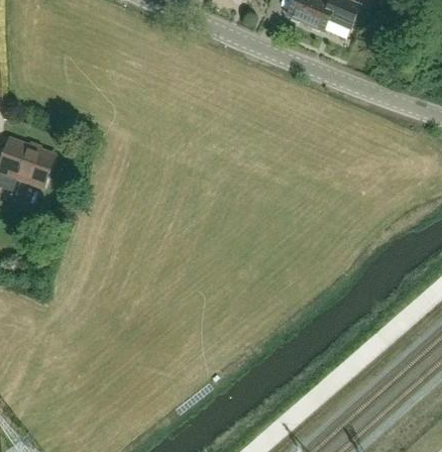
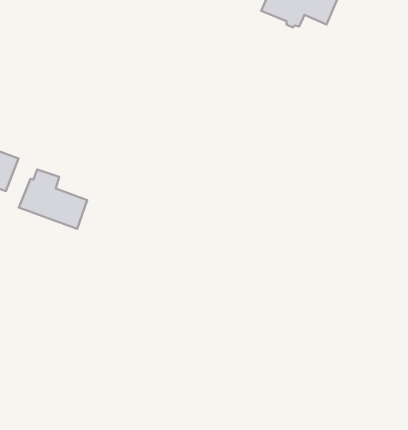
building: none -> [19,169,87,229]

